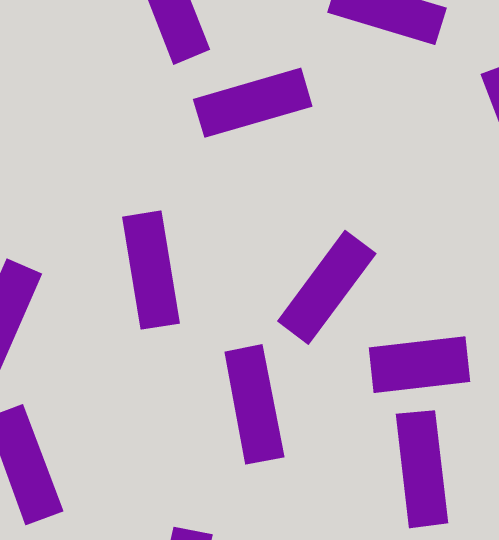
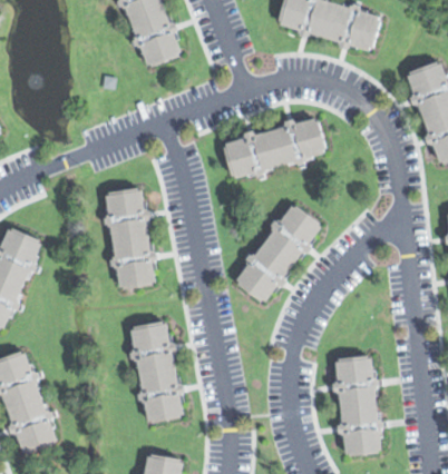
building: [192,67,314,138] -> [223,118,325,178]
building: [368,336,471,394] -> none
building: [223,344,286,465] -> [130,320,183,423]

